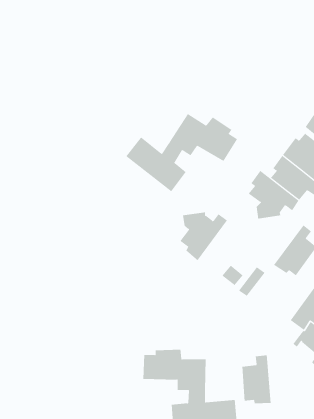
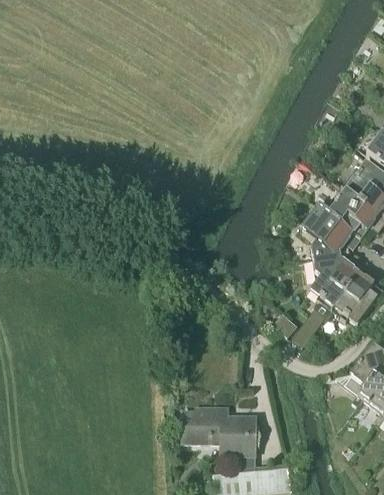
building: [126,113,238,192] -> none
building: [179,212,228,261] -> [310,256,365,312]
building: [242,354,271,404] -> none

